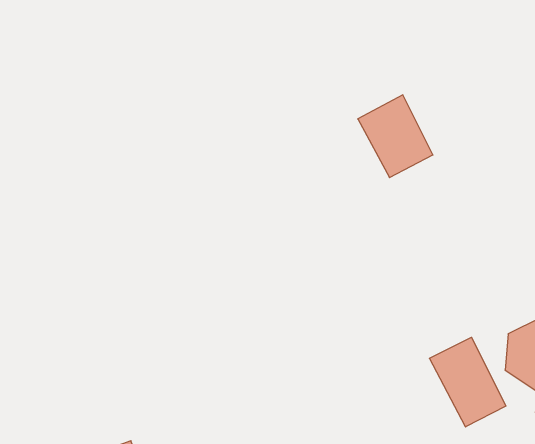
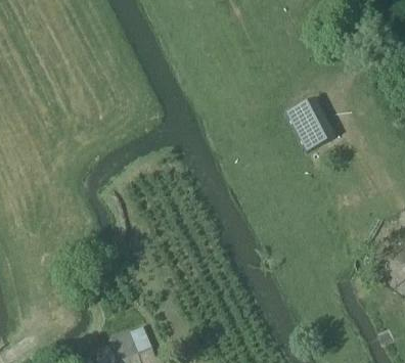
building: [429,337,506,427] -> none

